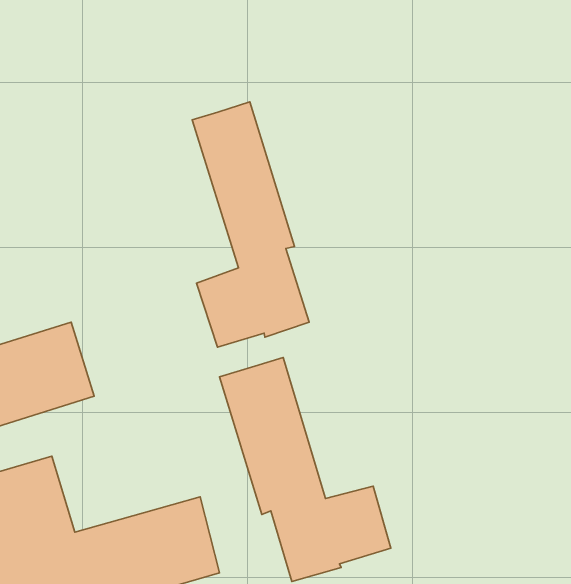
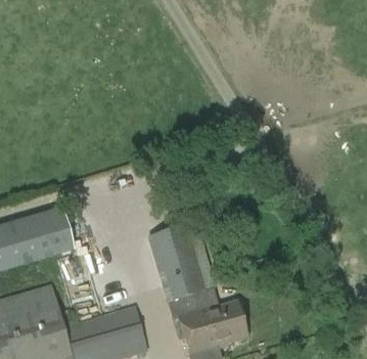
building: [192,102,309,347] -> none

